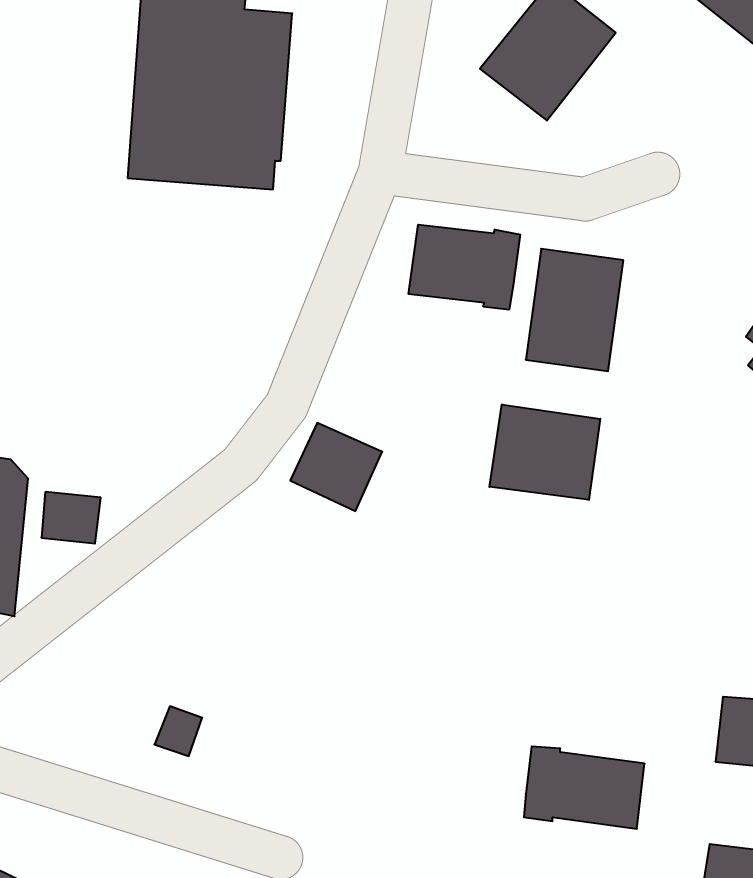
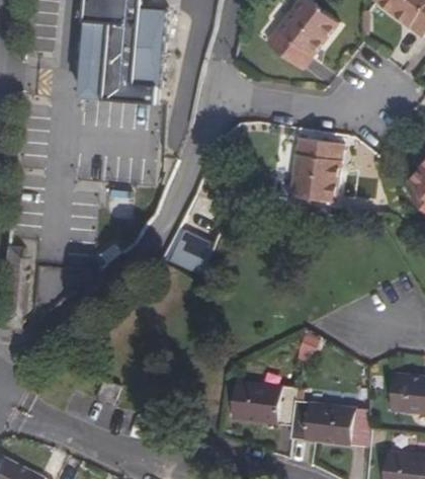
building: [409,225,520,310] -> none
building: [489,404,600,500] -> none
building: none -> [233,380,296,424]

